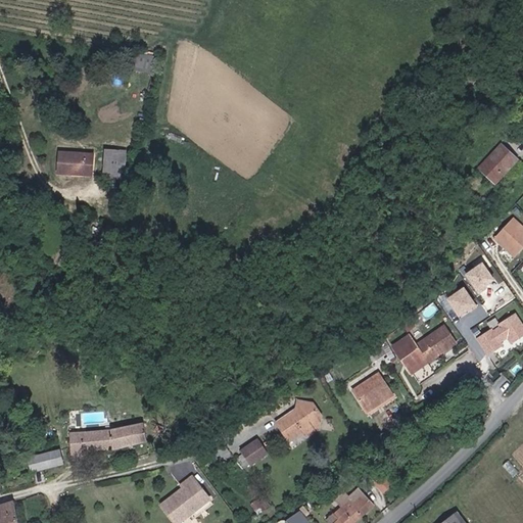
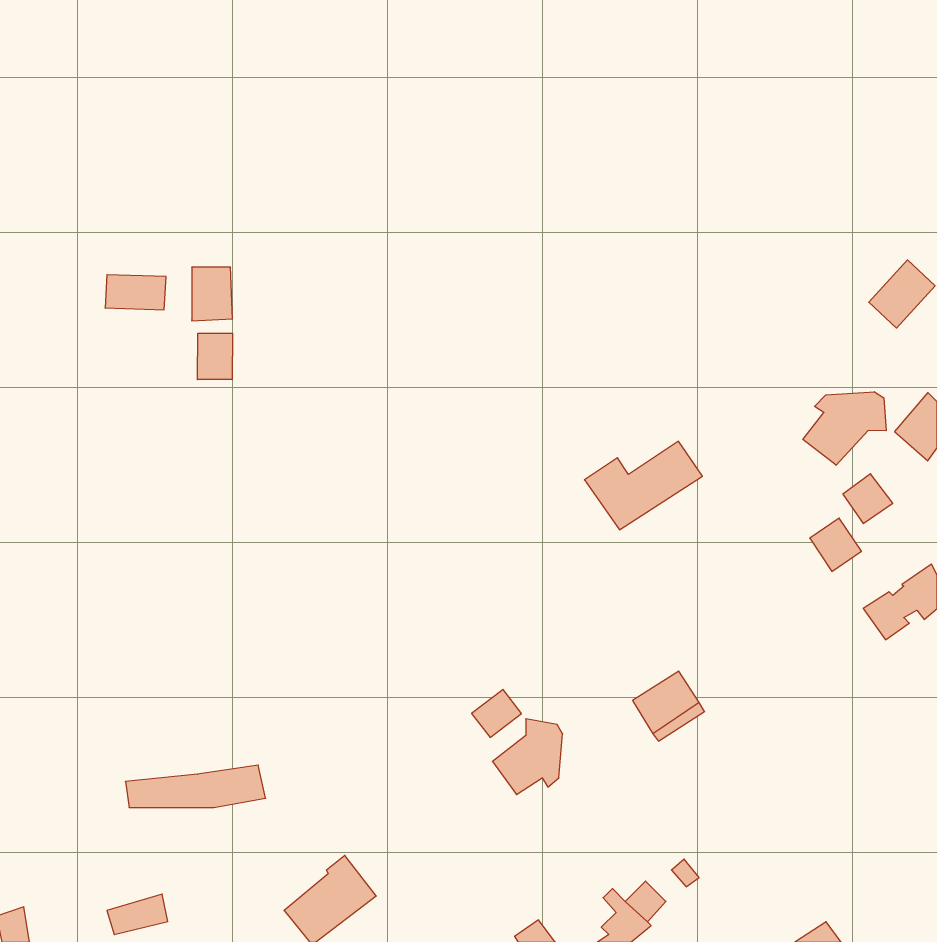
building: none -> [197,333,232,380]
building: none -> [803,392,886,465]
building: [391,324,457,373] -> [584,441,702,530]
building: [240,439,268,466] -> [472,689,521,737]
building: [28,448,61,471] -> [107,894,168,935]

